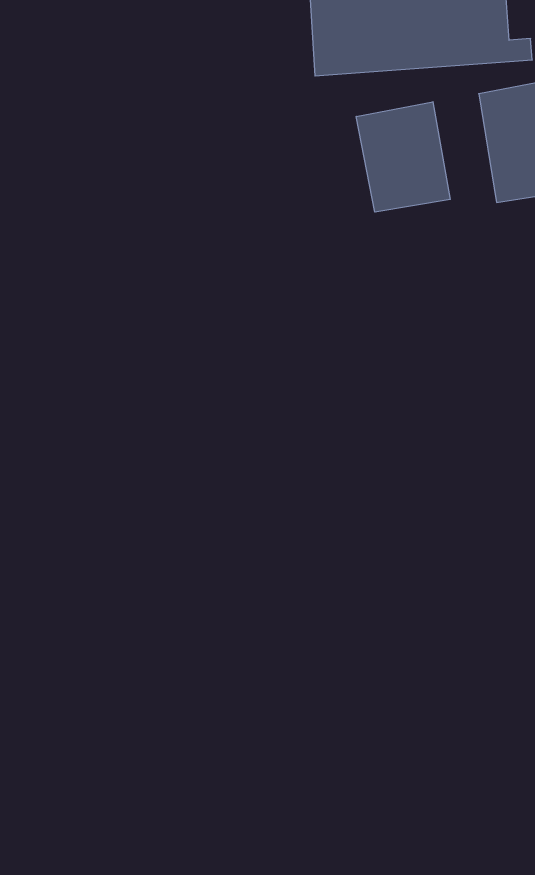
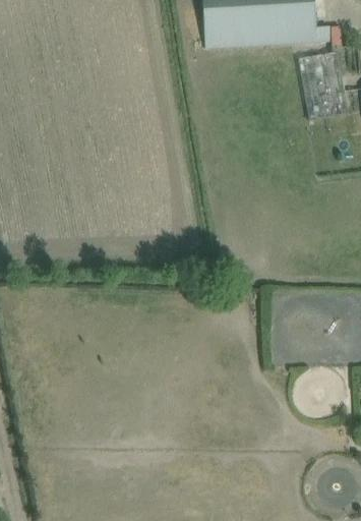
building: [356,102,450,212] -> none

